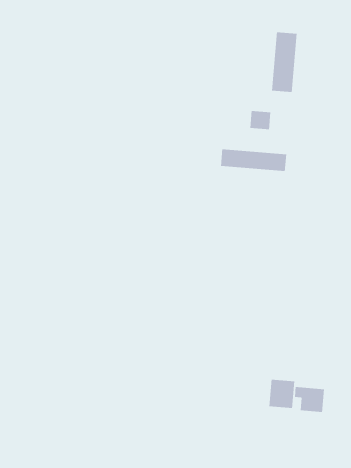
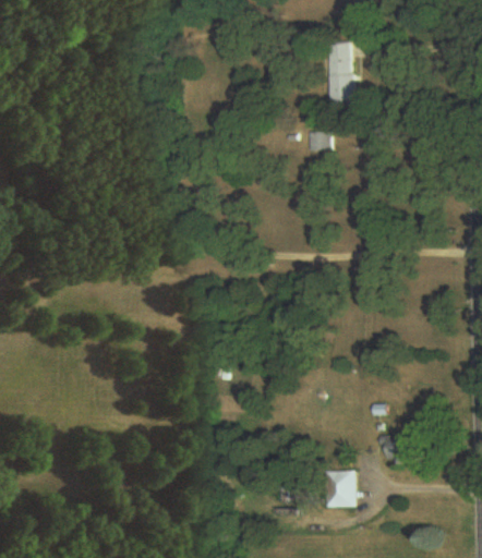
building: [220,148,287,172] -> none
building: [269,379,295,408] -> [329,472,357,502]

